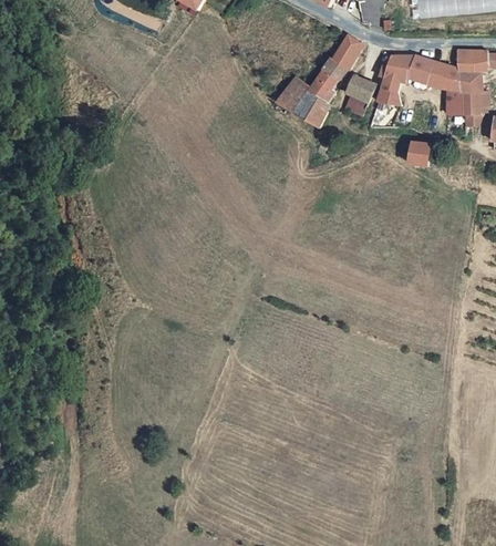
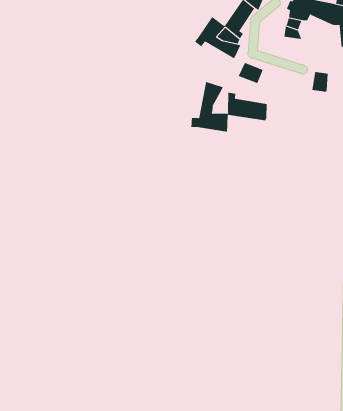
building: [345,76,375,102] -> [238,62,263,84]
building: none -> [191,81,267,132]

